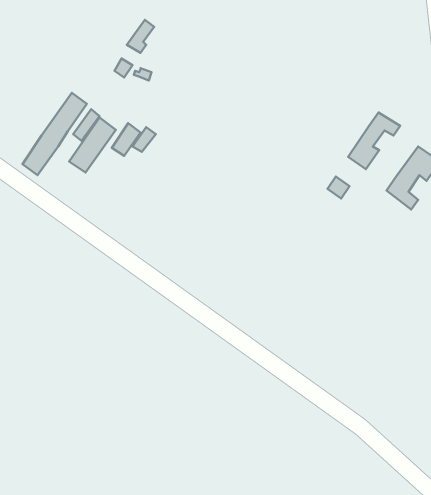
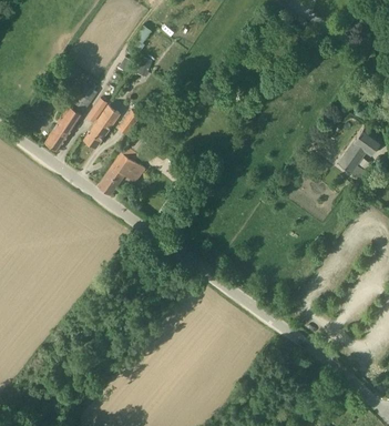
building: [348,113,400,169] -> none
building: none -> [98,145,144,195]

